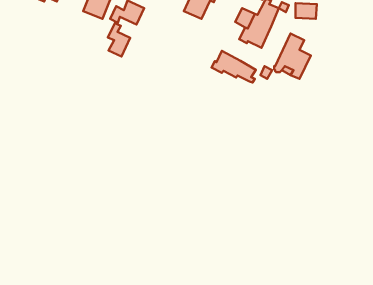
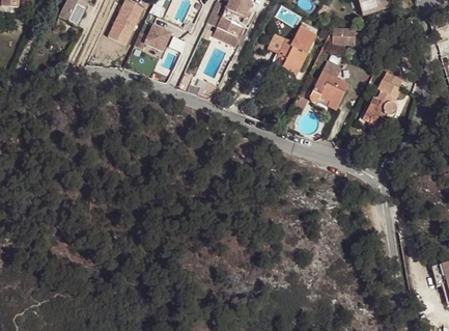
building: [108,23,130,57] -> none
building: none -> [364,72,401,127]
building: [212,51,256,82] -> none

